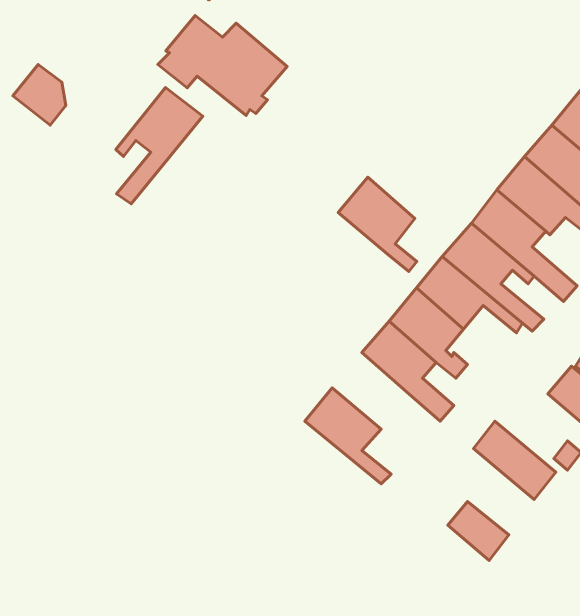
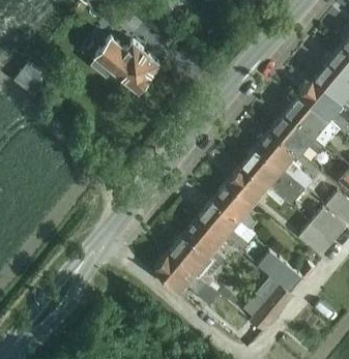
building: [116,87,203,204] -> none
building: [338,177,417,271] -> [183,216,225,266]
building: none -> [153,252,220,311]
building: none -> [255,277,292,312]

